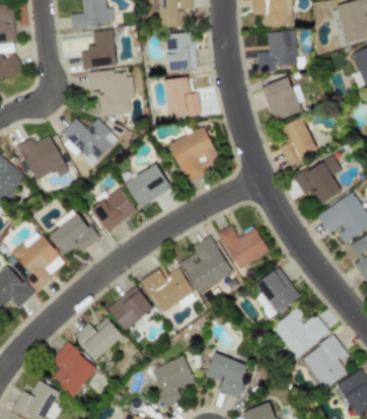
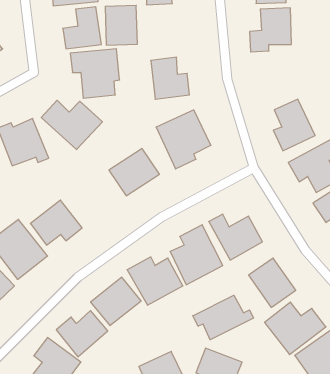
building: [166,32,197,70] -> [105,5,137,45]
building: [262,76,306,122] -> none
building: [92,190,136,230] -> none
building: none -> [193,295,253,340]

